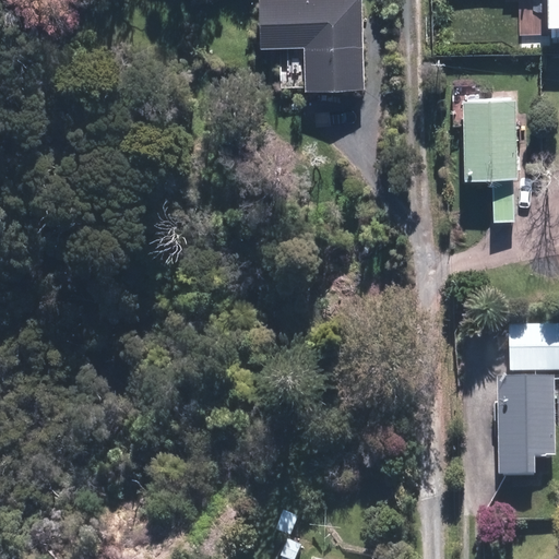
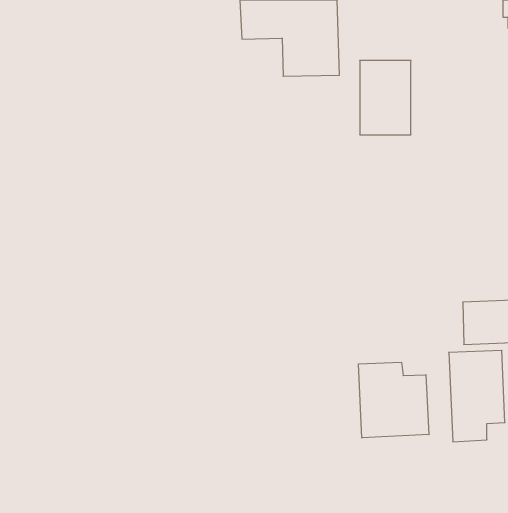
building: [460,100,515,181] -> [360,60,411,135]
building: none -> [359,362,429,438]

